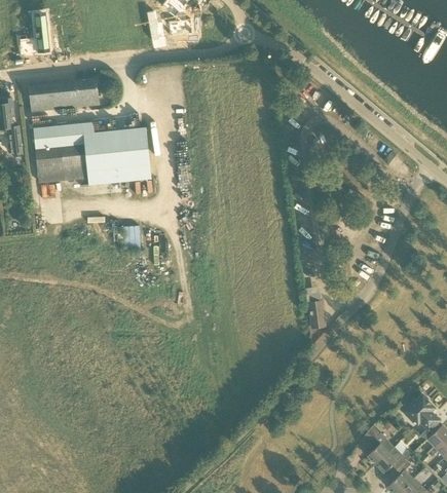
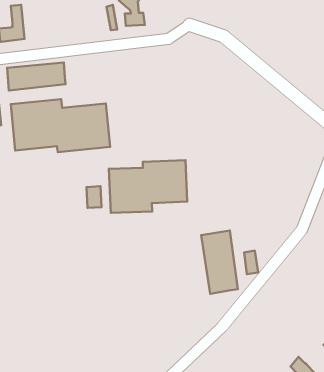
building: none -> [109,160,187,213]
building: none -> [201,230,238,294]

